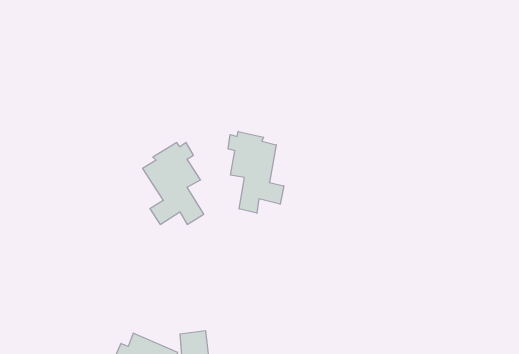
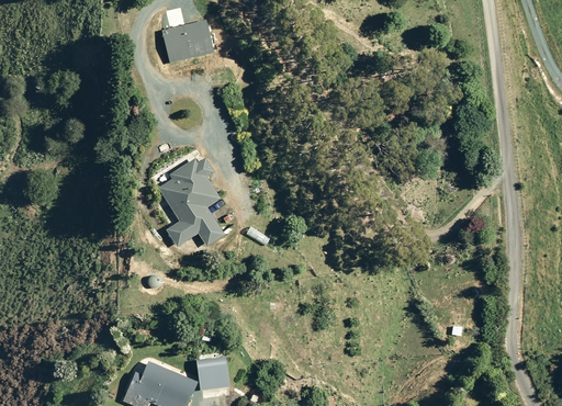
building: none -> [162,20,213,61]
building: [228,131,284,213] -> none

